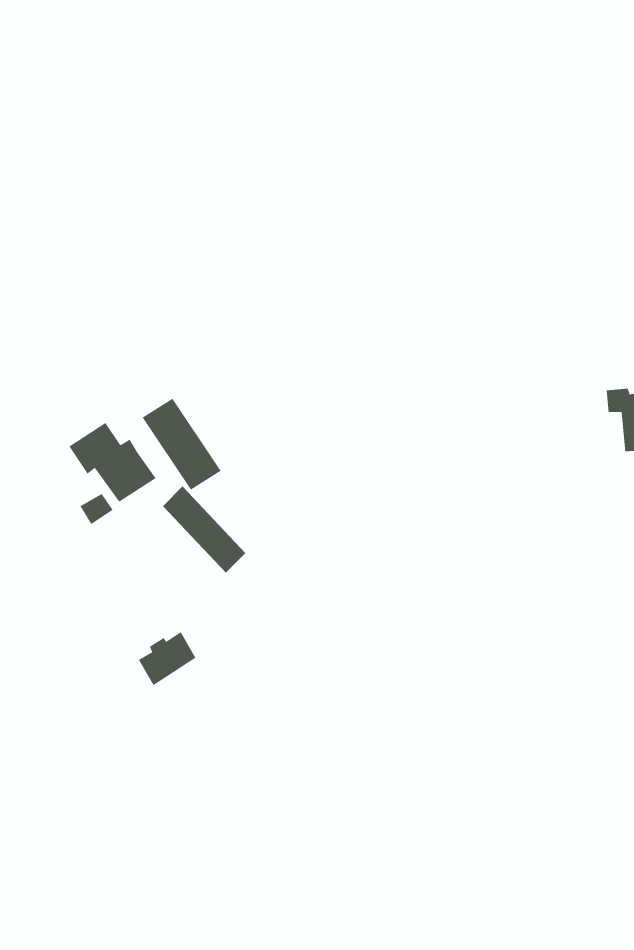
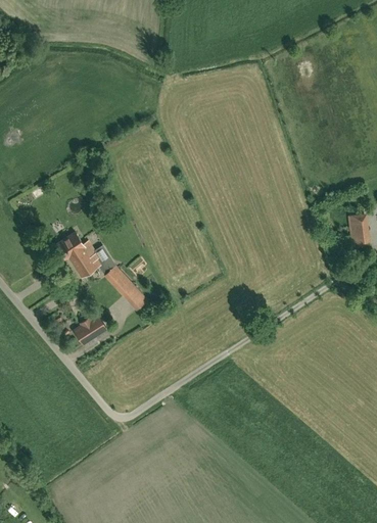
building: [142,398,222,491] -> none
building: [138,632,196,686] -> [75,315,106,344]

